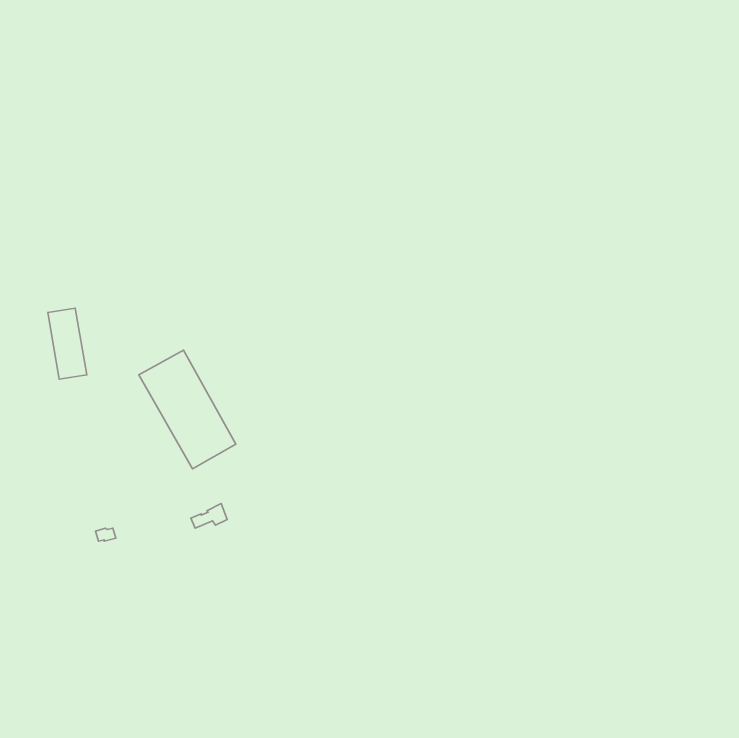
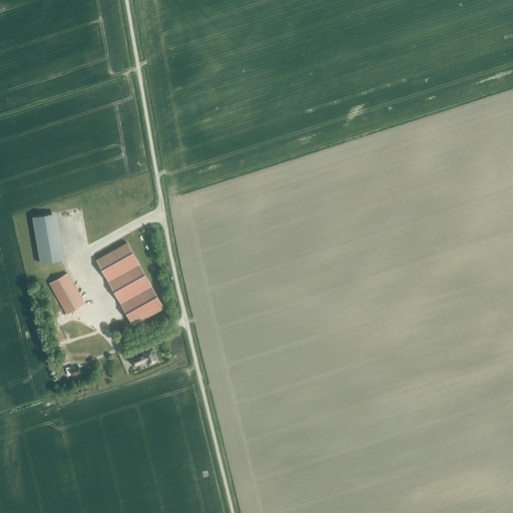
building: none -> [49,274,85,316]

